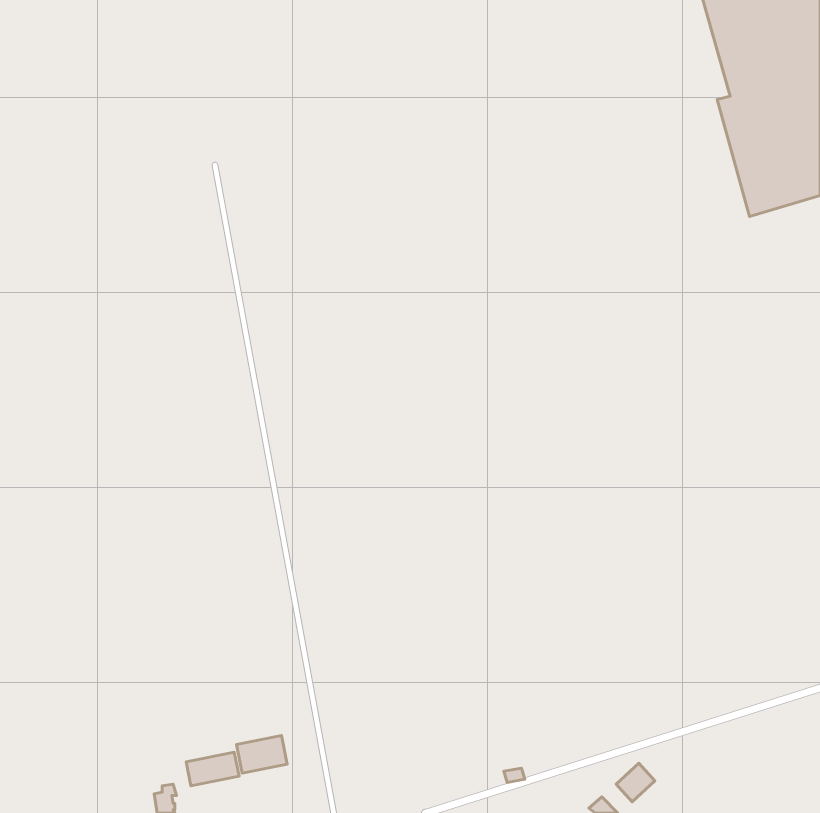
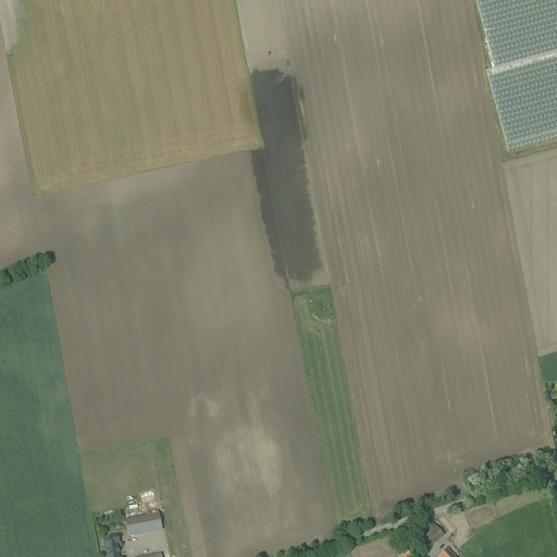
building: [236,736,287,773] -> none

